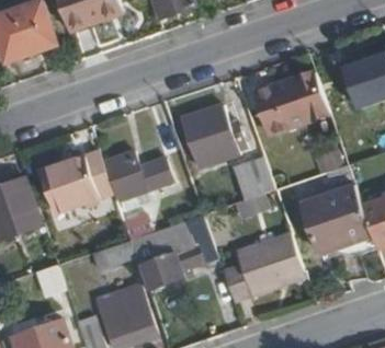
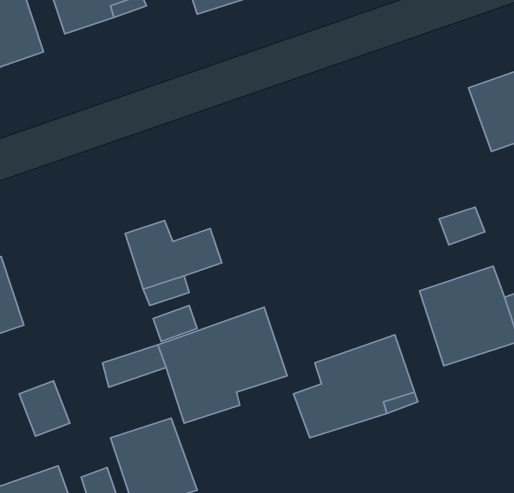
building: [260,72,330,134] -> none
building: [171,107,246,169] -> none
building: [43,154,115,214] -> none
building: [236,155,273,197] -> none

